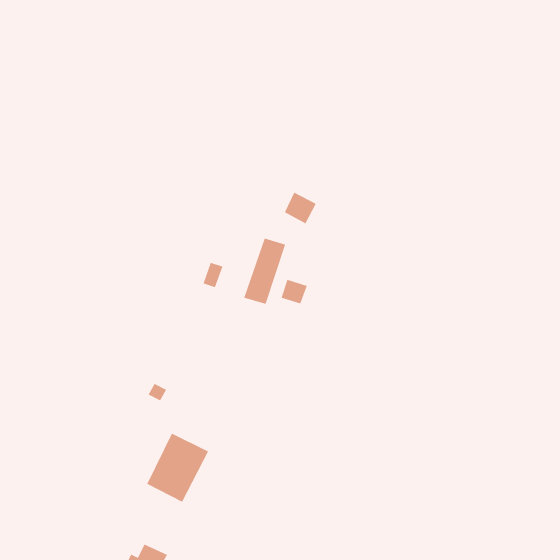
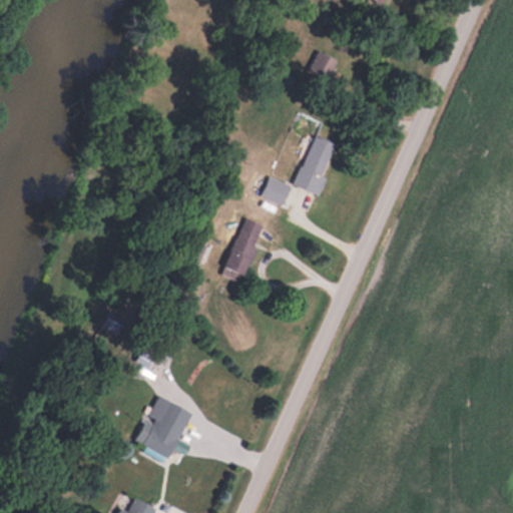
building: none -> [305,51,338,89]
building: none -> [295,135,337,194]
building: [281,279,308,304] -> none

